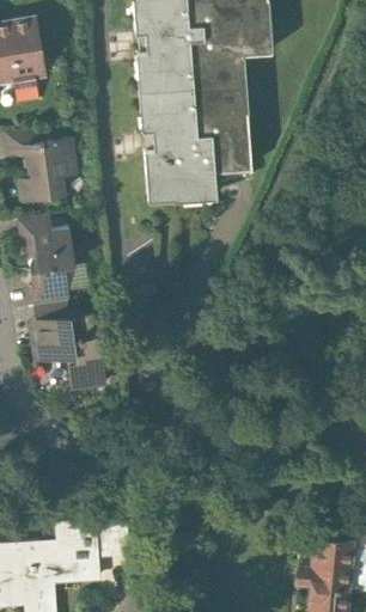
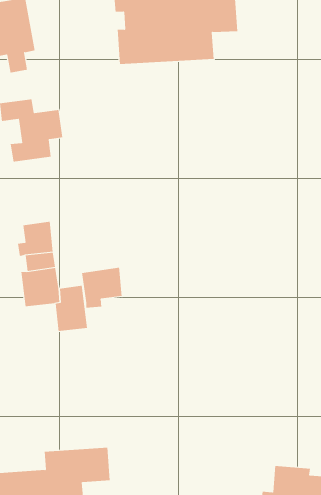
building: [140,85,252,202] -> none
building: [19,215,73,270] -> none
building: none -> [81,267,122,309]

